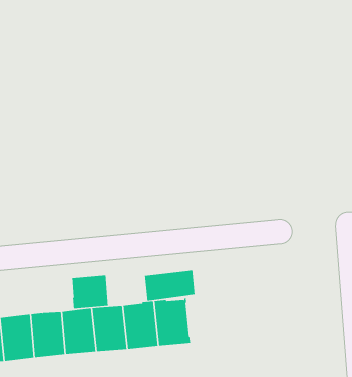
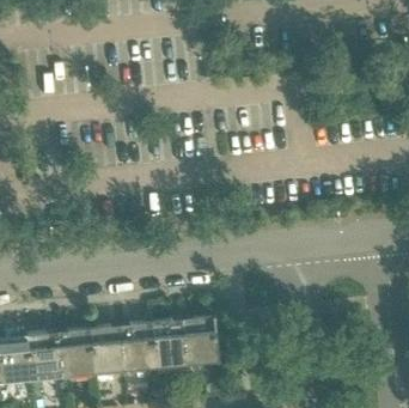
building: [144,270,195,301] -> none
building: [72,275,108,309] -> none

